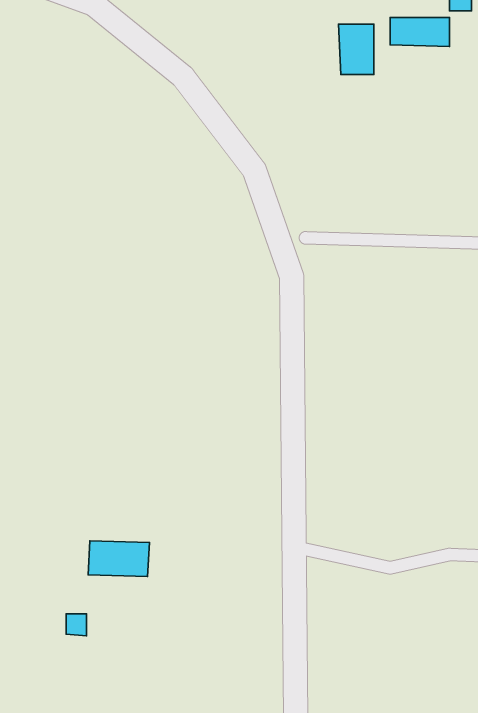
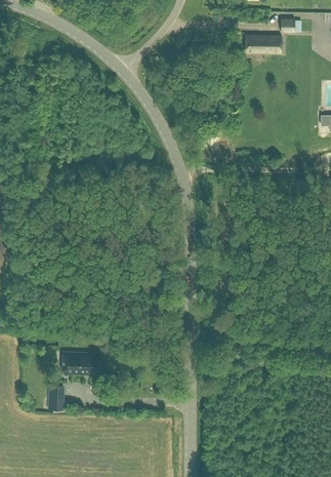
building: [339,24,374,75] -> none

